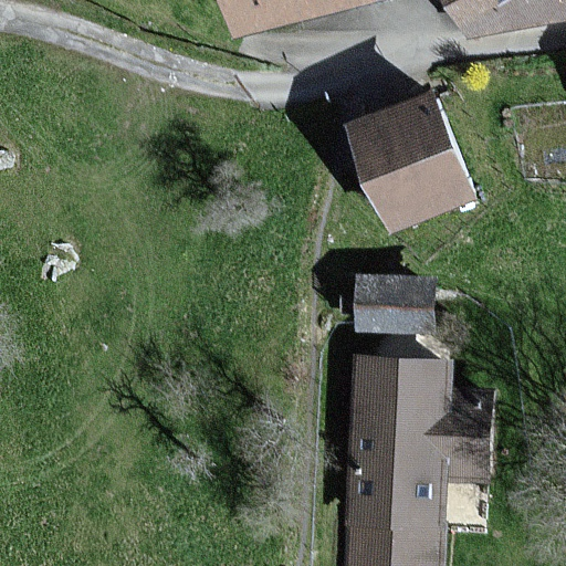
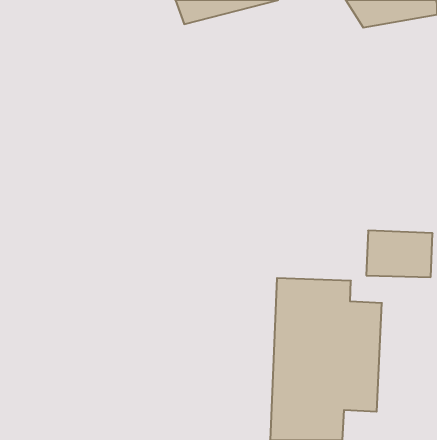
building: [348,95,472,230] -> none
building: [352,274,437,334] -> [366,231,433,277]

